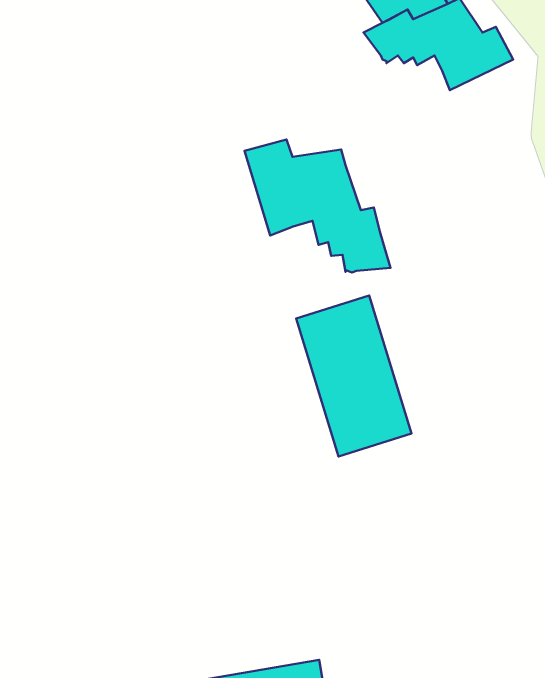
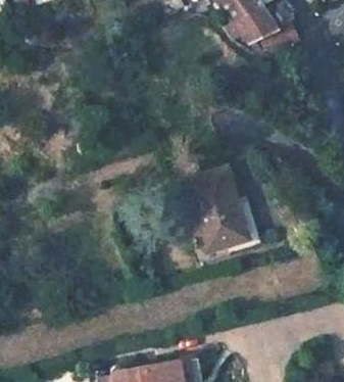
building: [244,140,391,272] -> none

